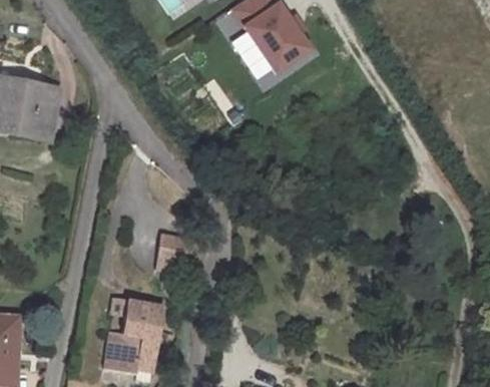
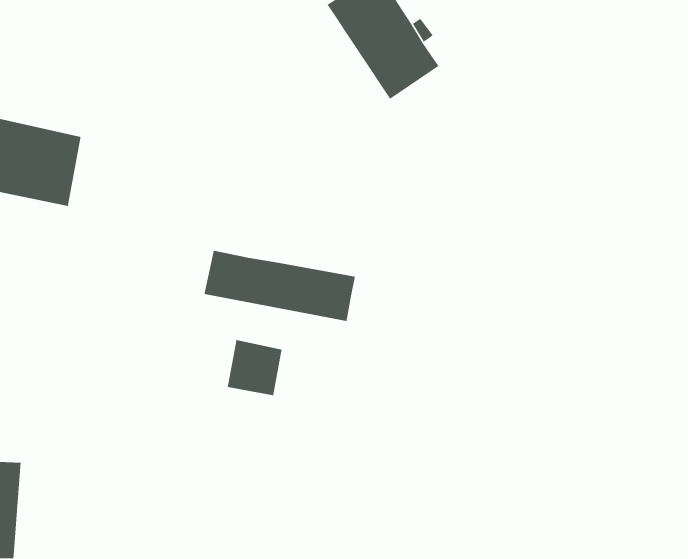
building: none -> [204,250,356,322]
building: [108,304,167,375] -> none

